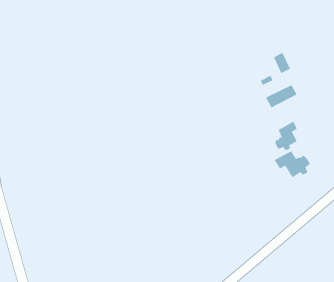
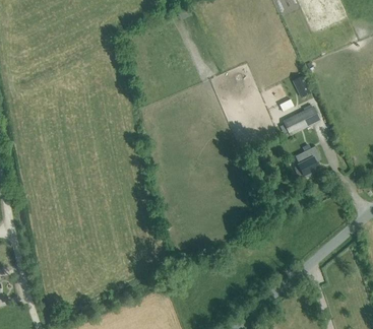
building: [274,150,310,178] -> none

